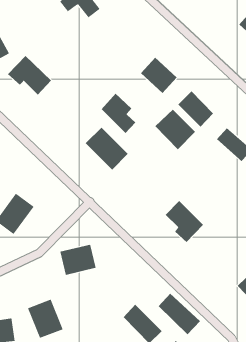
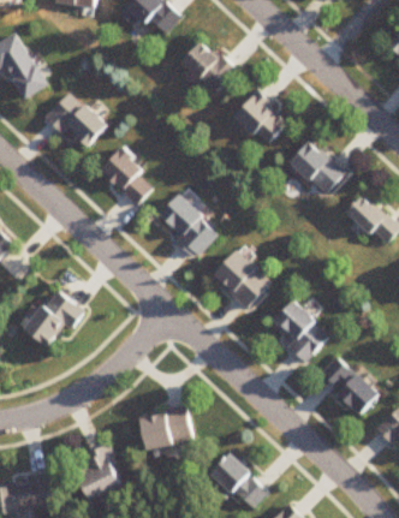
building: none -> [181,40,236,93]
building: [101,93,136,134] -> [99,145,150,206]
building: [155,109,196,150] -> [210,250,270,310]
building: [59,244,97,275] -> [138,406,192,452]
building: [158,293,201,335] -> [317,355,380,416]

